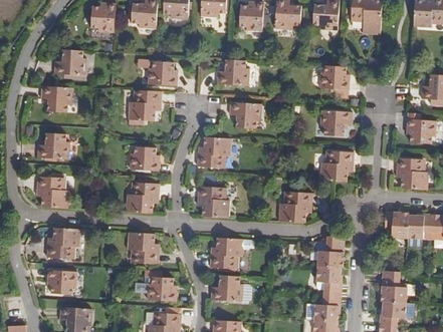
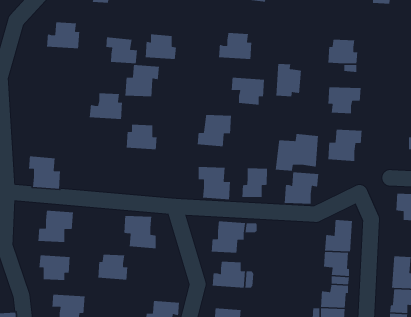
building: none -> [105,36,138,64]
building: [40,85,72,111] -> none
building: none -> [275,63,302,97]
building: [37,132,69,158] -> [89,92,123,120]
building: none -> [275,133,319,172]
building: [127,182,160,213] -> none
building: none -> [241,167,268,198]
building: [148,276,177,301] -> [97,254,128,280]

